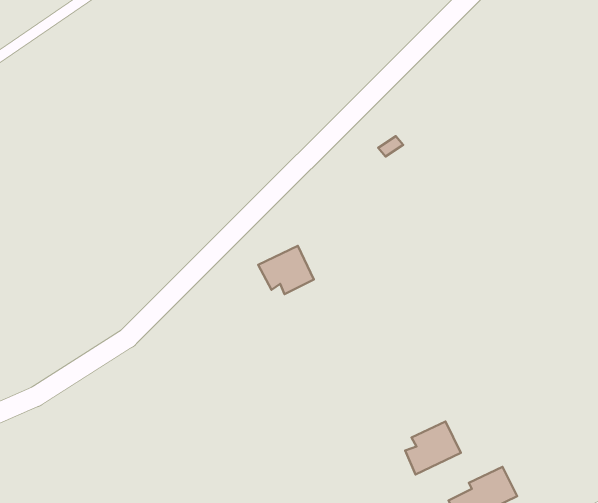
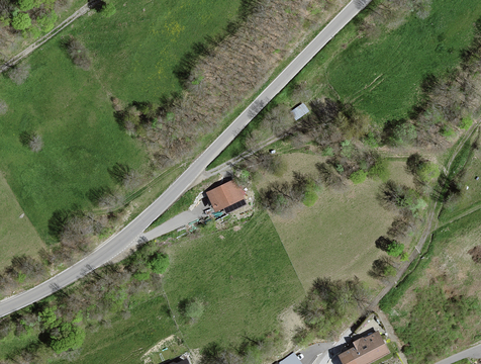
building: [405,422,461,475] -> none

